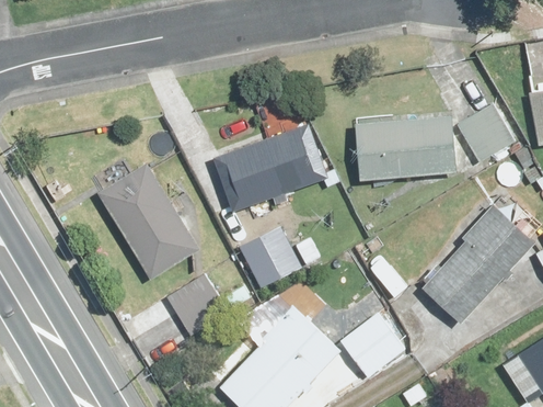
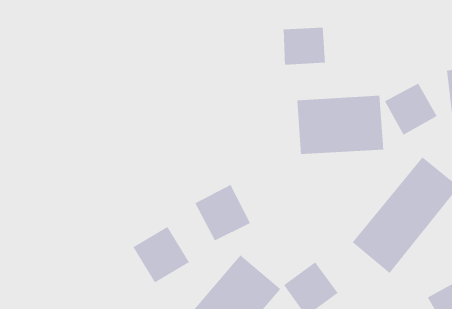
building: none -> [283,27,325,65]
building: [215,121,327,212] -> none
building: [100,167,199,279] -> none

